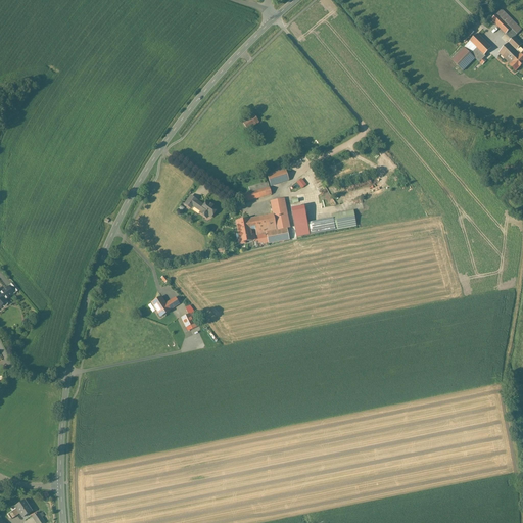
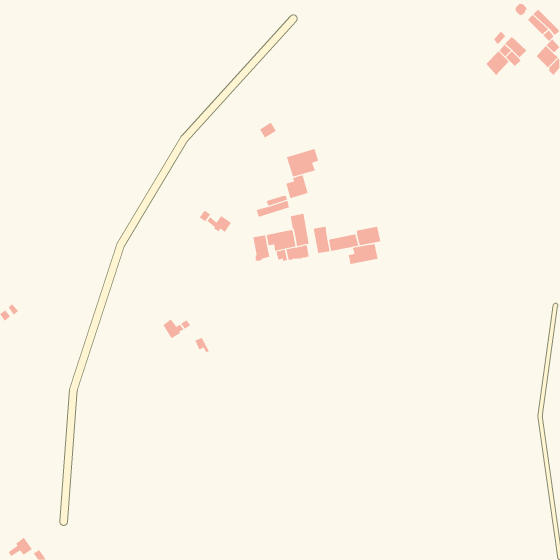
building: none -> [286,148,319,178]
building: none -> [348,243,378,265]

